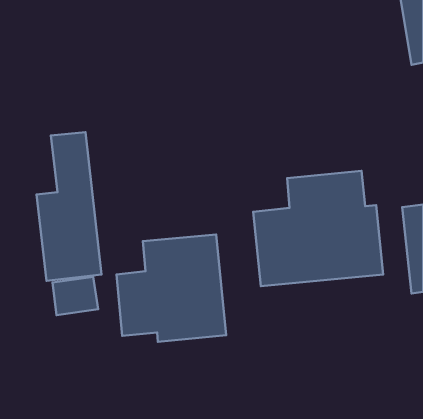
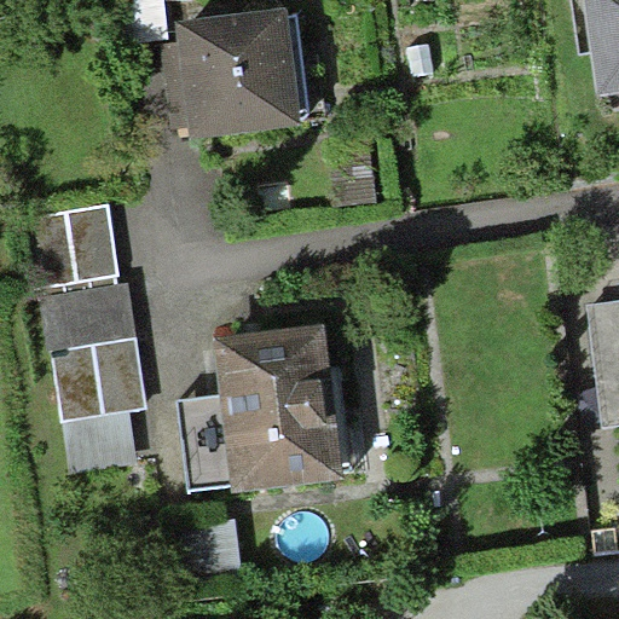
building: none -> [173,12,308,134]
building: [253,171,383,286] -> none

